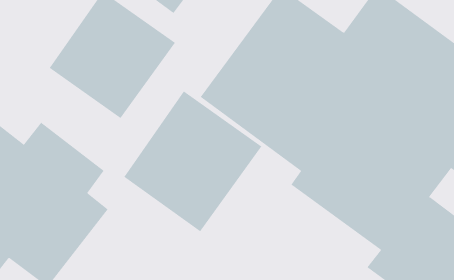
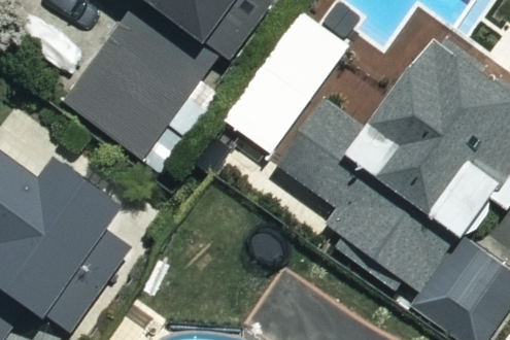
building: [123,90,262,232] -> none

